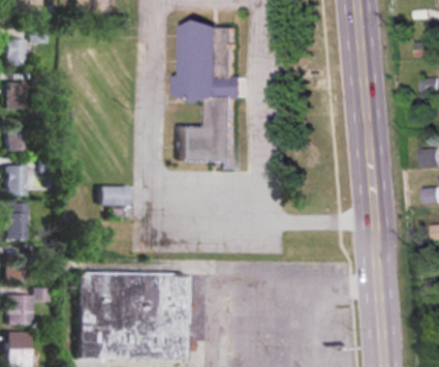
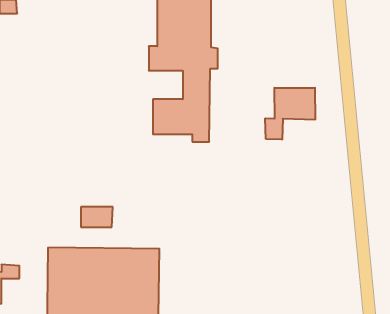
building: none -> [265,88,315,140]
building: [95,186,126,206] -> [81,207,113,227]

